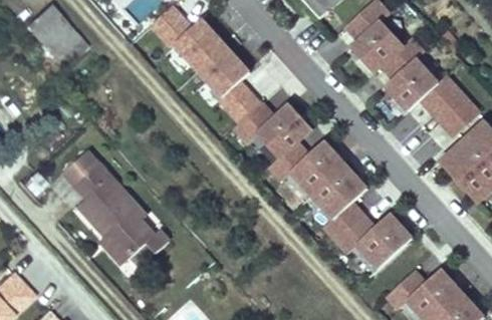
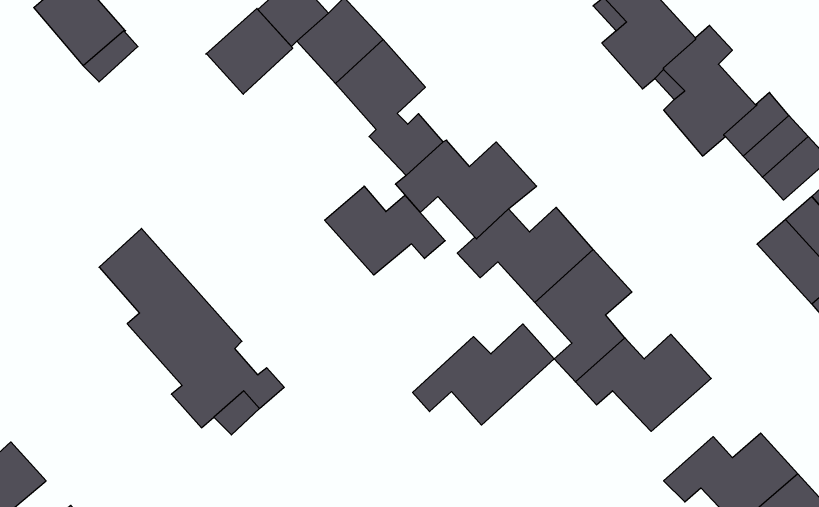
building: none -> [206,8,293,94]
building: none -> [325,186,445,275]
building: none -> [413,324,554,425]

